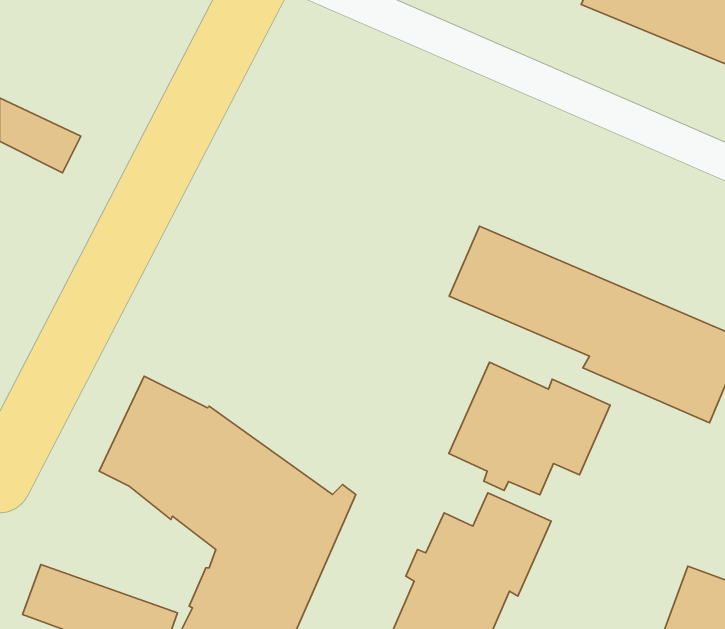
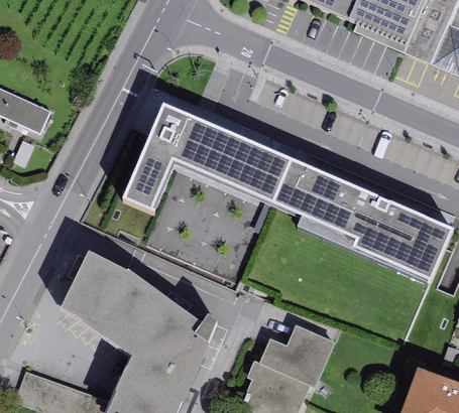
building: none -> [123,108,292,214]
building: [449,362,610,495] -> none

